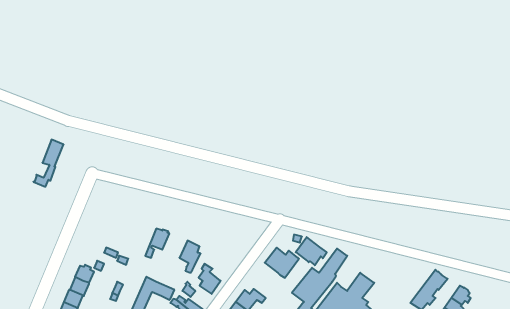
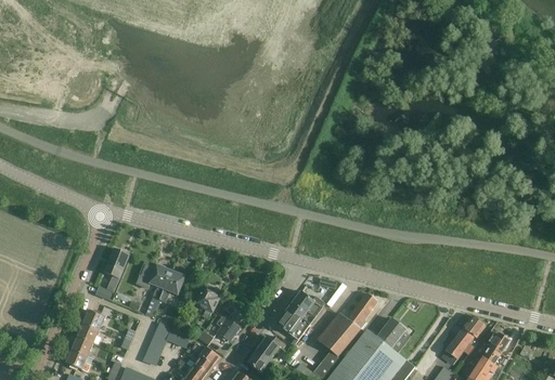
building: [33,140,64,187] -> [95,248,128,299]
building: none -> [137,262,171,315]
building: [296,237,327,265] -> [276,307,310,338]

